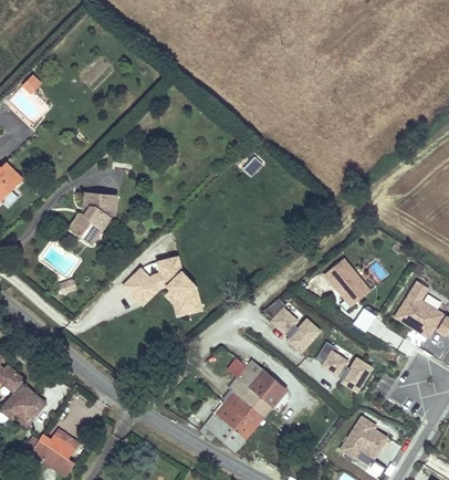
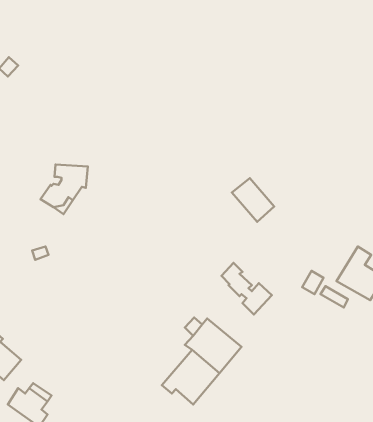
building: [122,254,203,316] -> none
building: [324,260,370,307] -> [232,178,274,222]
building: [320,345,372,393] -> none
building: [337,414,388,460] -> none

